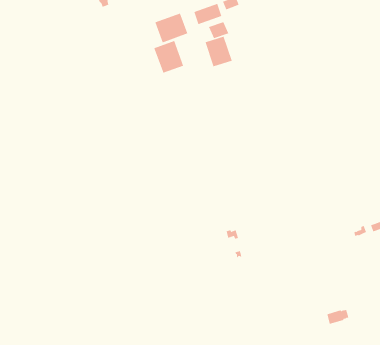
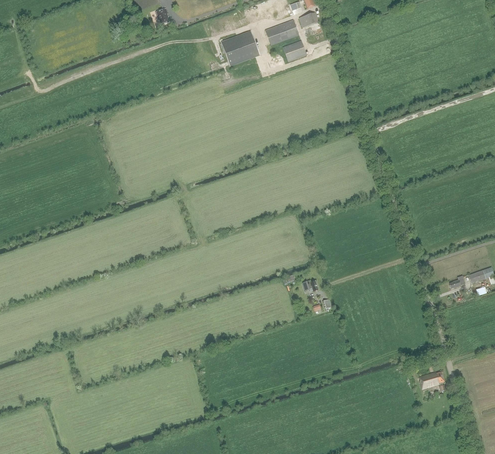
building: [205,36,232,67] -> none
building: [154,40,184,73] -> none

